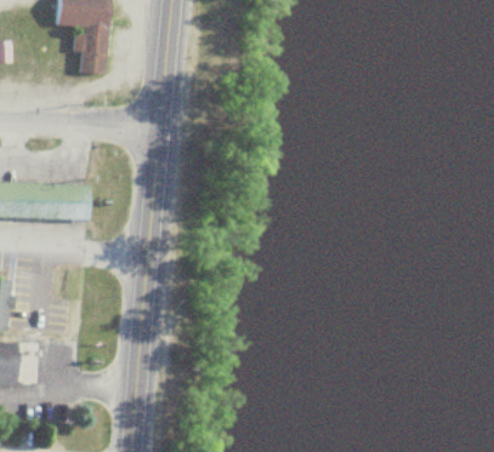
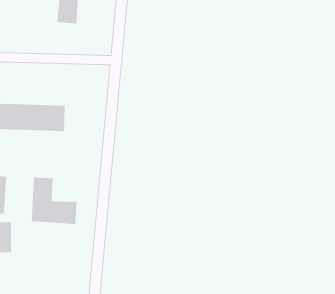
building: none -> [31,177,77,225]

